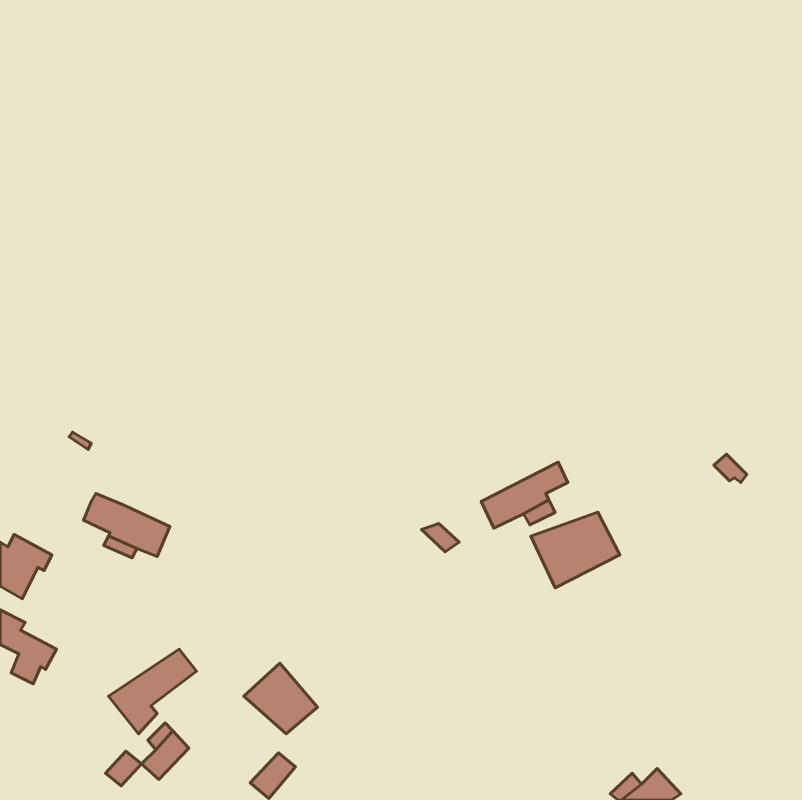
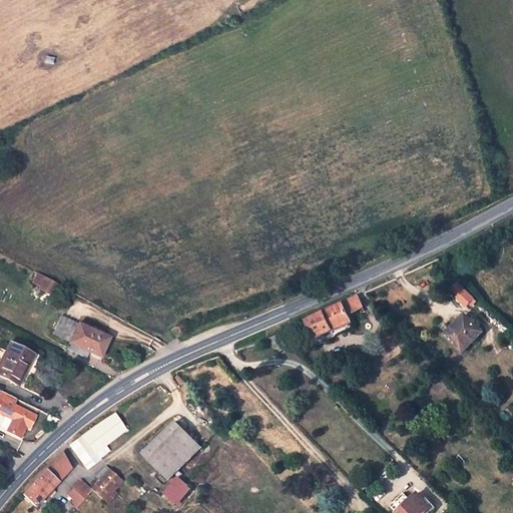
building: none -> [447,320,485,354]
building: [531,512,620,588] -> none
building: none -> [144,444,183,481]
building: none -> [21,450,68,503]

